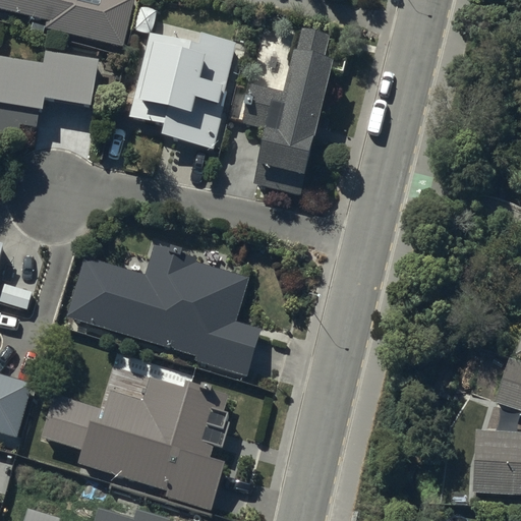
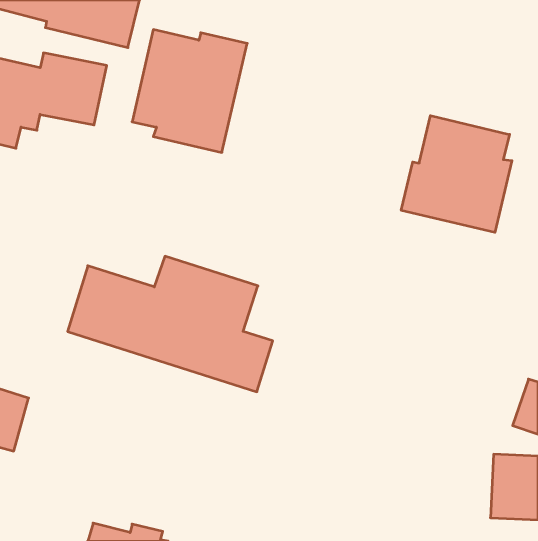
building: [240,28,336,197] -> none
building: none -> [401,116,512,232]
building: [43,365,225,491] -> none

